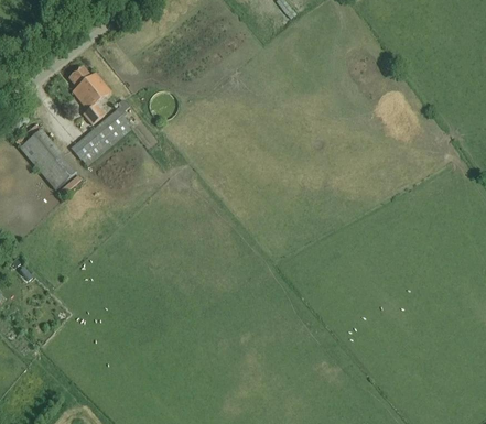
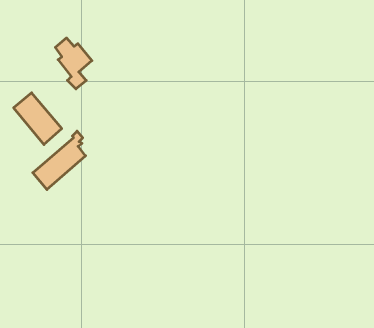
building: [71,98,132,166] -> [33,131,86,190]

